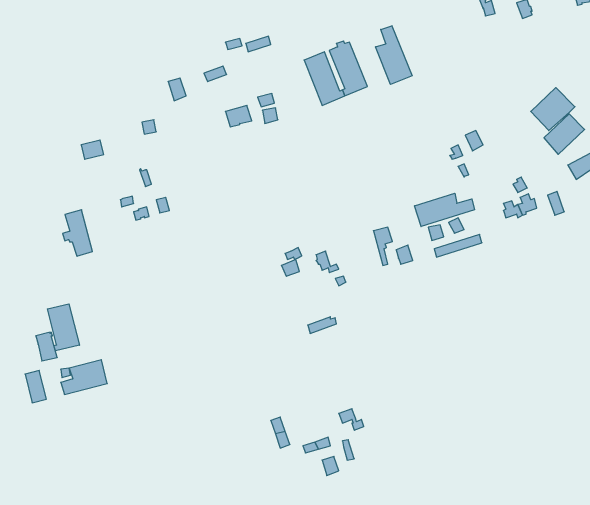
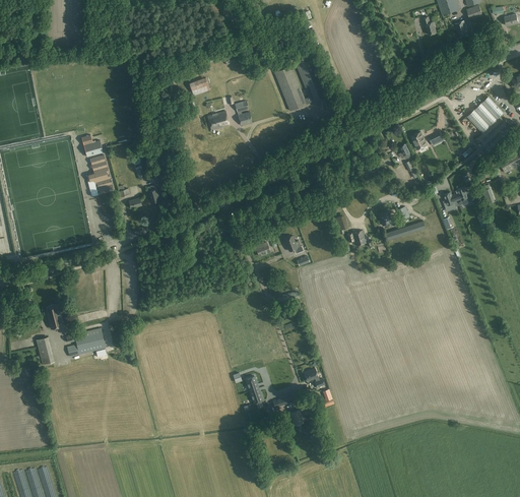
building: [376,26,412,84] -> none
building: [415,193,475,227] -> none
building: [63,210,92,256] -> [88,154,114,194]
building: [47,304,79,351] -> none

